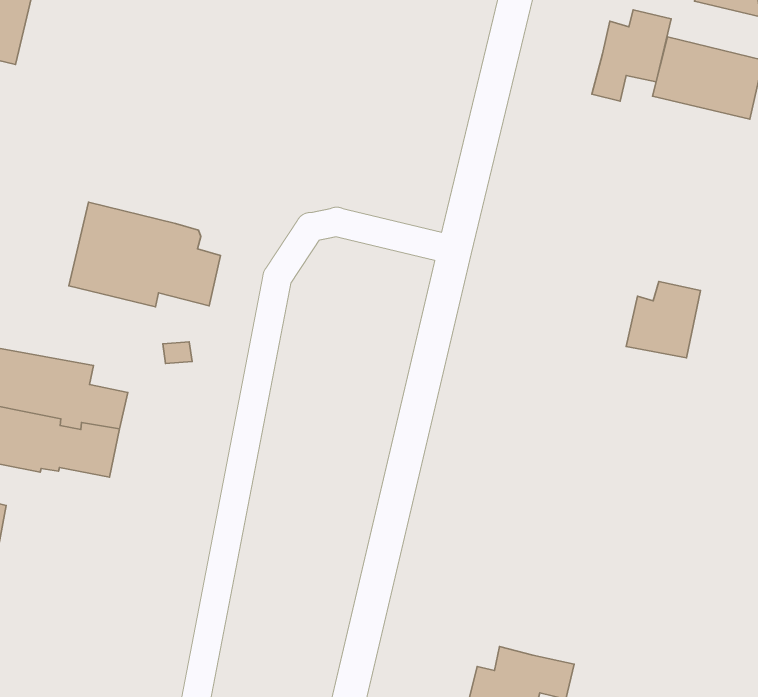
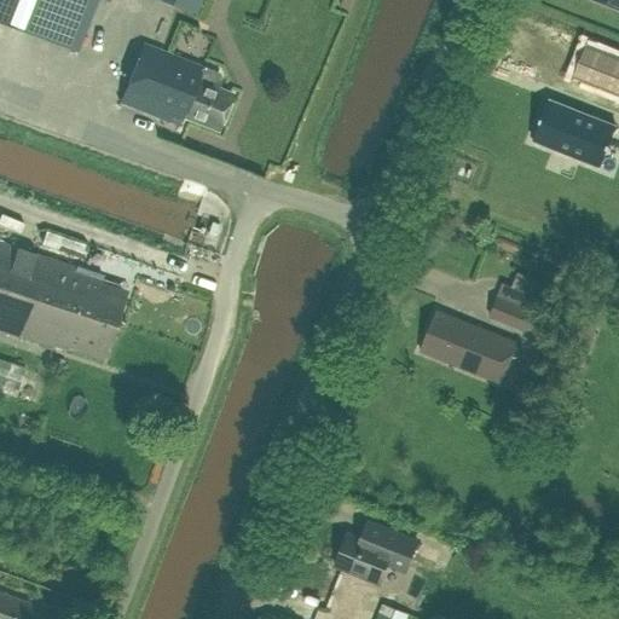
building: [592,10,671,101] -> none
building: [69,202,220,307] -> [118,42,231,129]
building: none -> [420,310,516,382]

